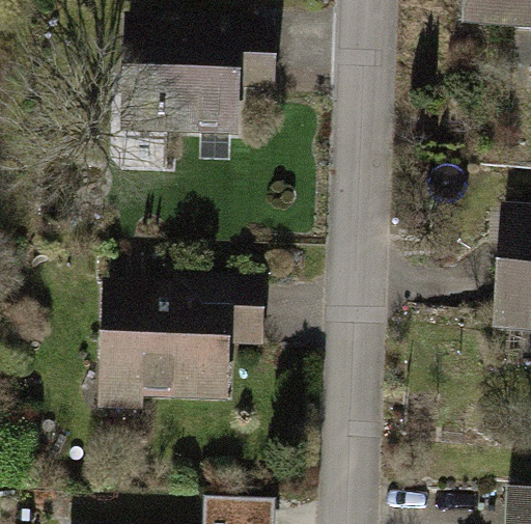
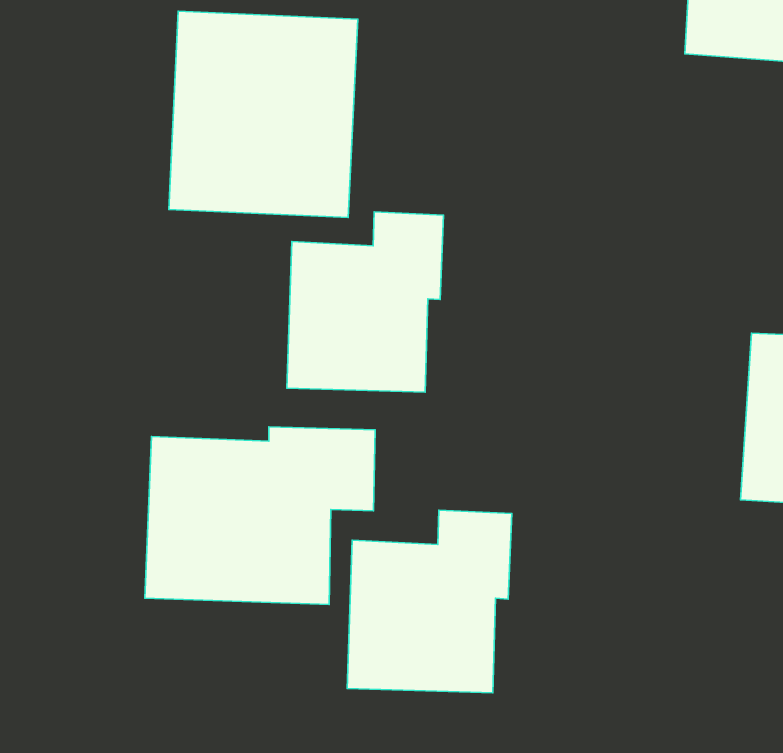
building: none -> [287,212,443,392]
building: none -> [347,510,512,693]

